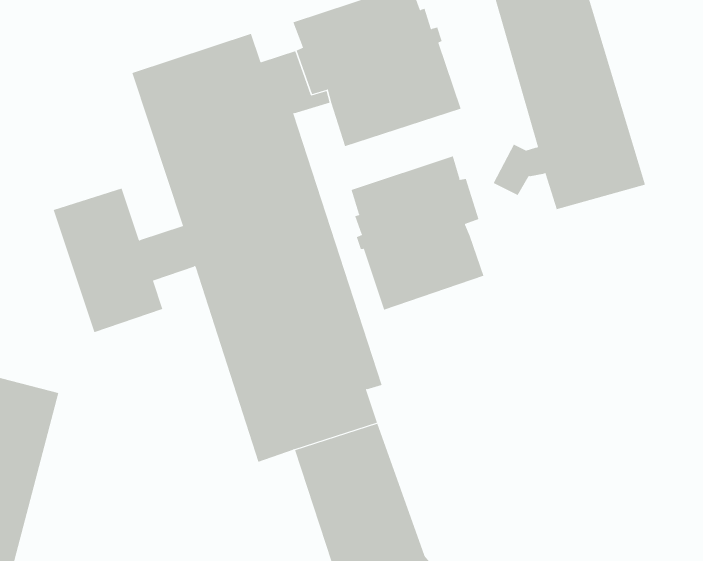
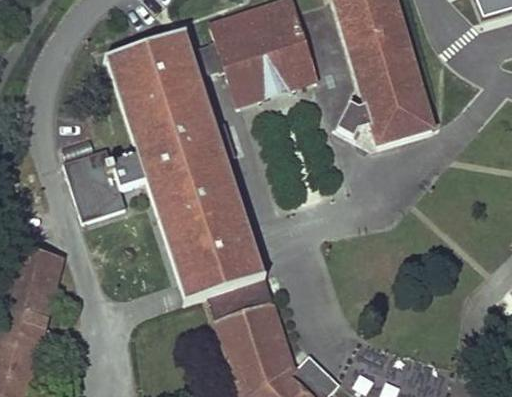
building: [351,155,484,310] -> none

